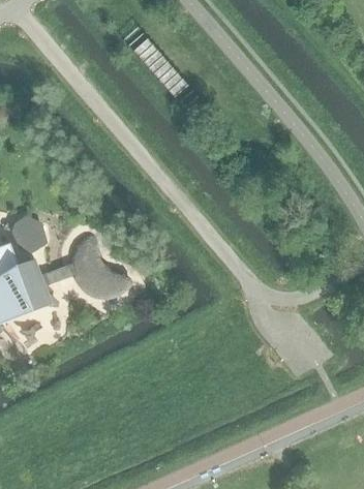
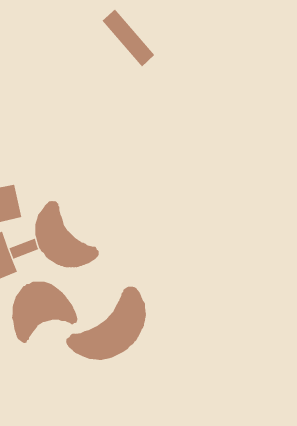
building: none -> [12,281,78,344]
building: none -> [66,286,146,361]

